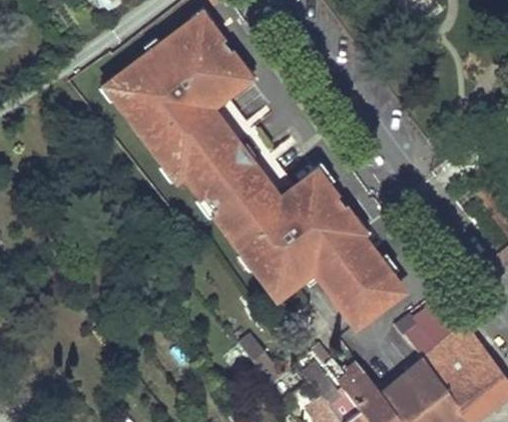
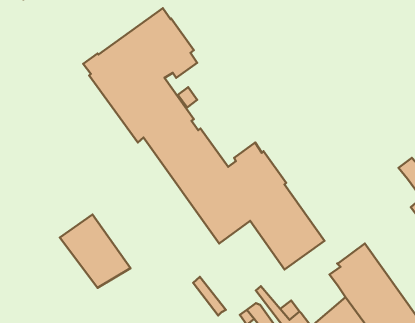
building: none -> [60,214,131,288]

